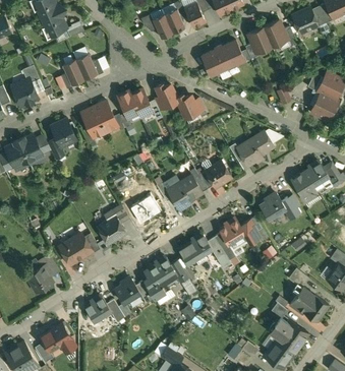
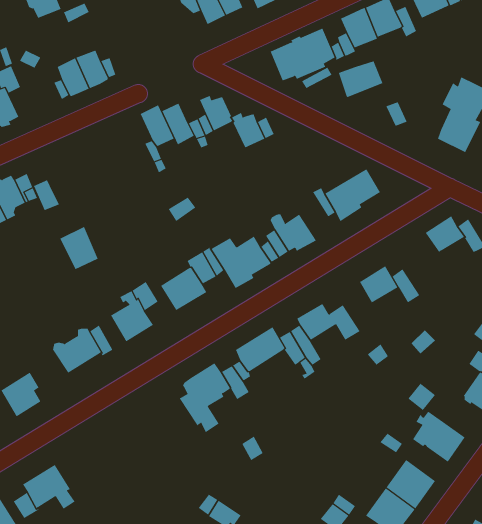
building: none -> [338,60,383,98]
building: [81,100,118,137] -> none
building: [51,118,76,146] -> [59,226,99,270]
building: [291,173,318,201] -> none
building: [115,279,154,303] -> none
building: [85,297,124,322] -> none

